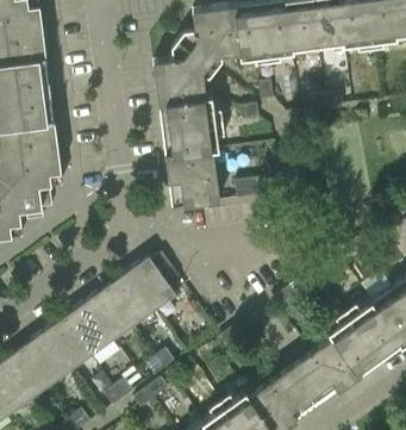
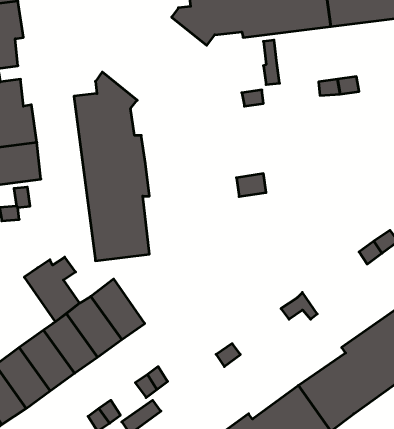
building: [151,42,218,208] -> [74,72,149,261]
building: [125,255,174,312] -> [24,257,80,322]

